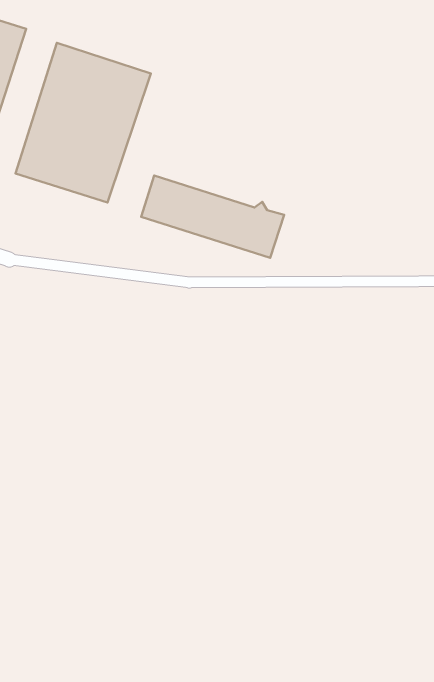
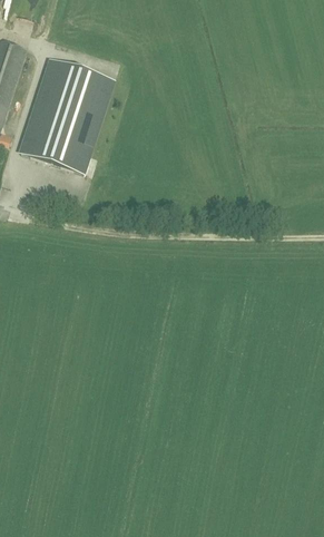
building: [141,175,284,258] -> none

